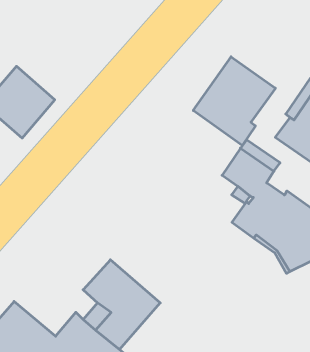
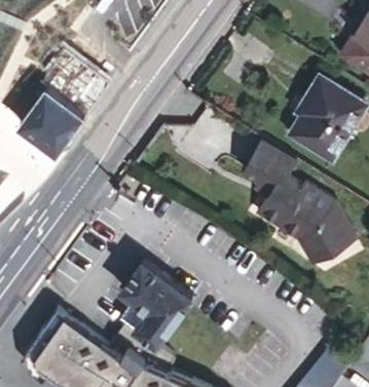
building: [193,57,275,146] -> none

